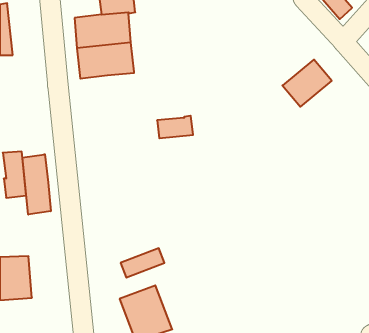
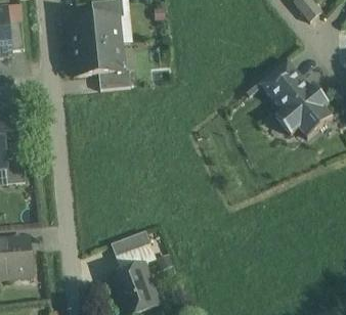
building: none -> [274,78,333,137]
building: [157,116,193,138] -> [98,69,131,89]
building: [22,154,51,215] -> none

